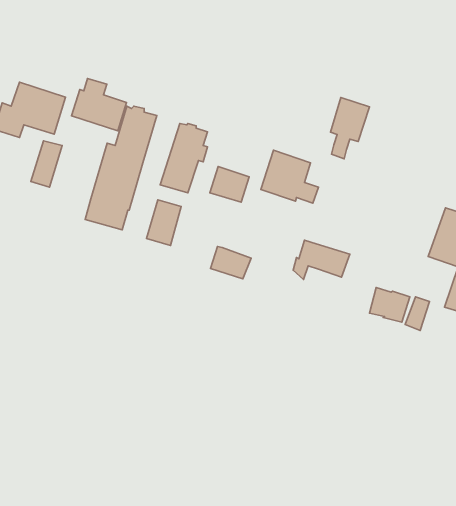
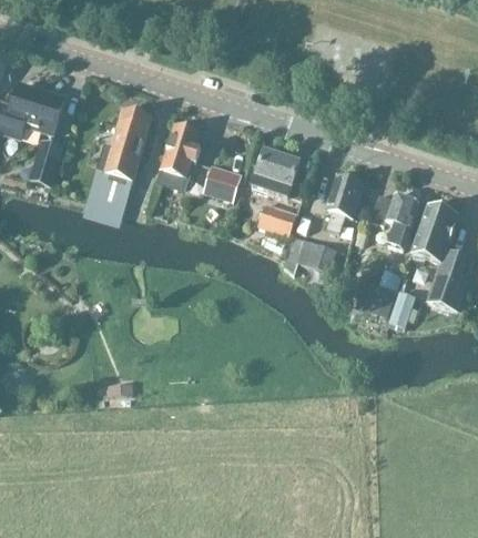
building: [71,78,126,131] -> none
building: [330,98,370,159] -> [326,173,364,232]
building: none -> [369,192,419,247]
building: [146,200,181,246] -> none
building: [211,246,251,279] -> [258,202,297,233]

